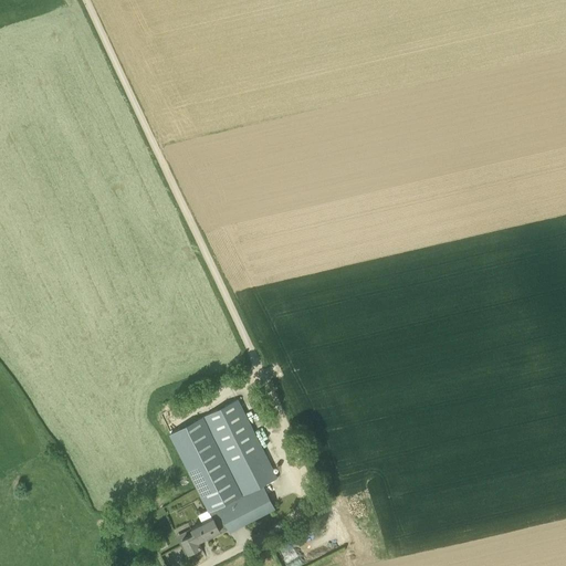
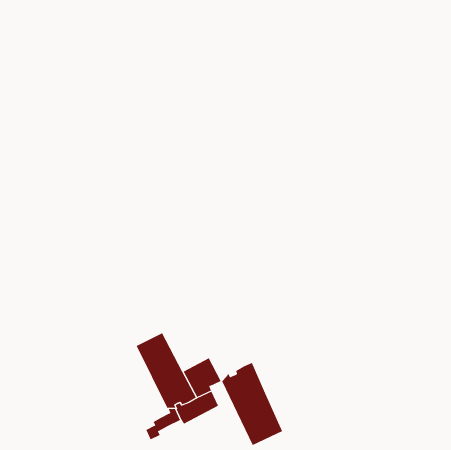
building: [203,400,262,467] -> none
building: none -> [222,362,283,446]

